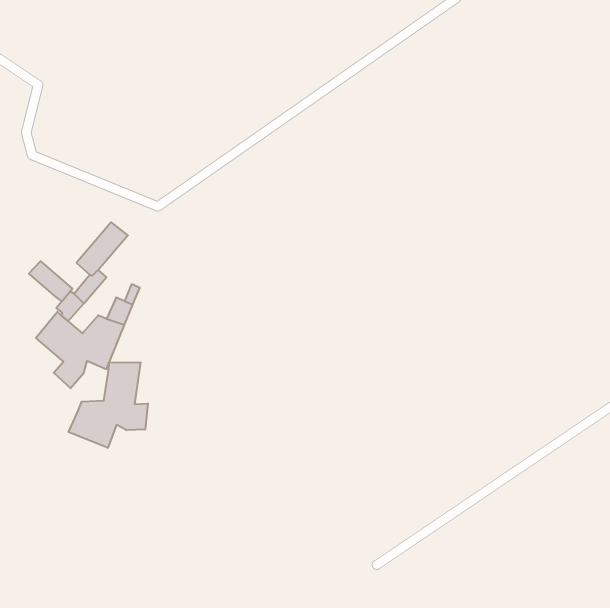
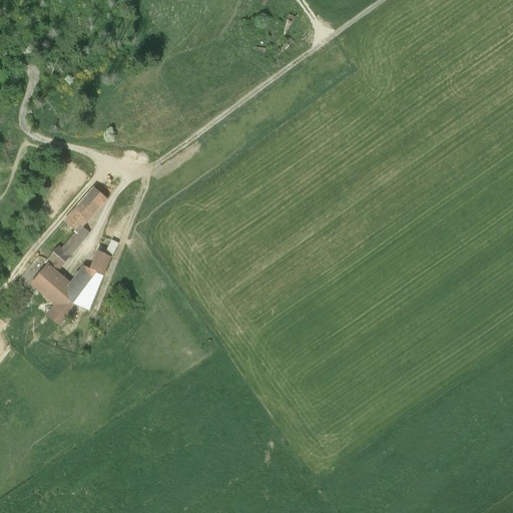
building: [29,261,72,301] -> none
building: [68,362,148,448] -> none

